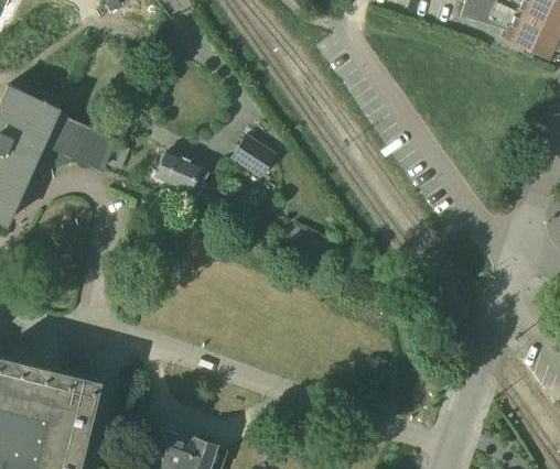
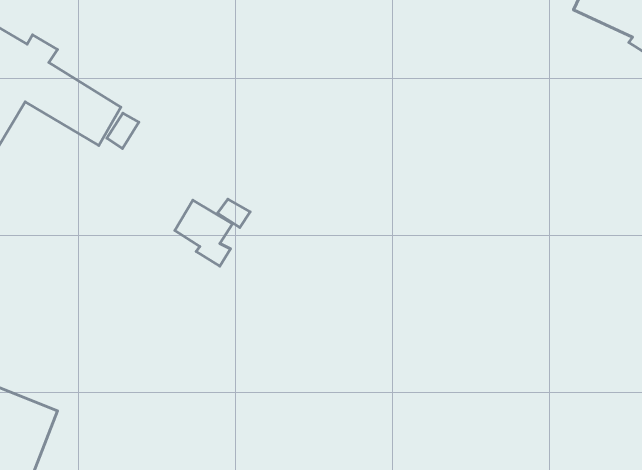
building: [230,134,276,176] -> none
building: [155,151,201,199] -> [175,200,232,266]

